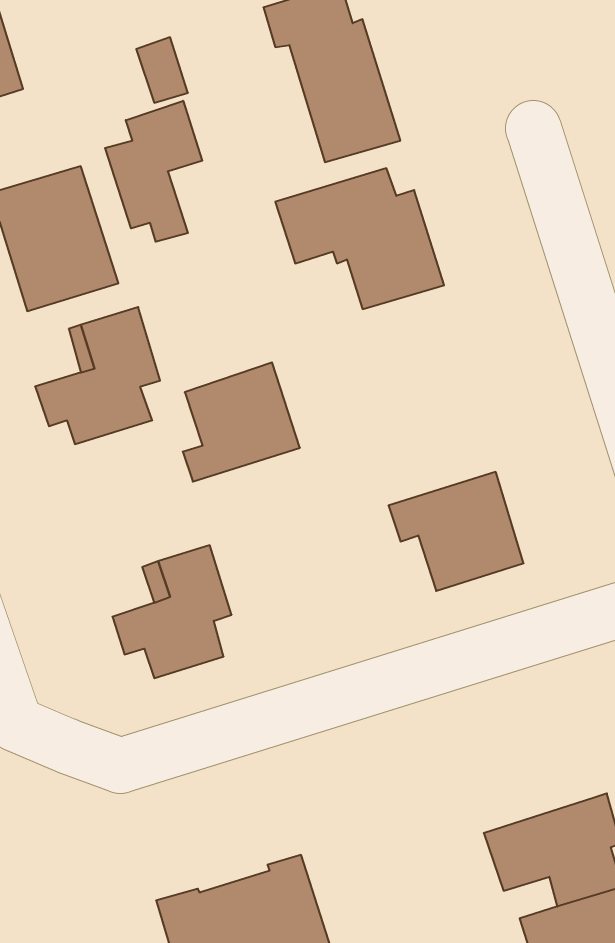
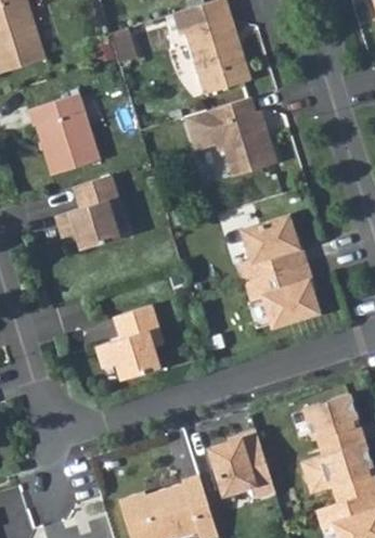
building: [105,101,202,242] -> none
building: [183,362,300,482] -> [241,218,305,283]
building: none -> [305,395,359,453]
building: none -> [208,433,274,496]

